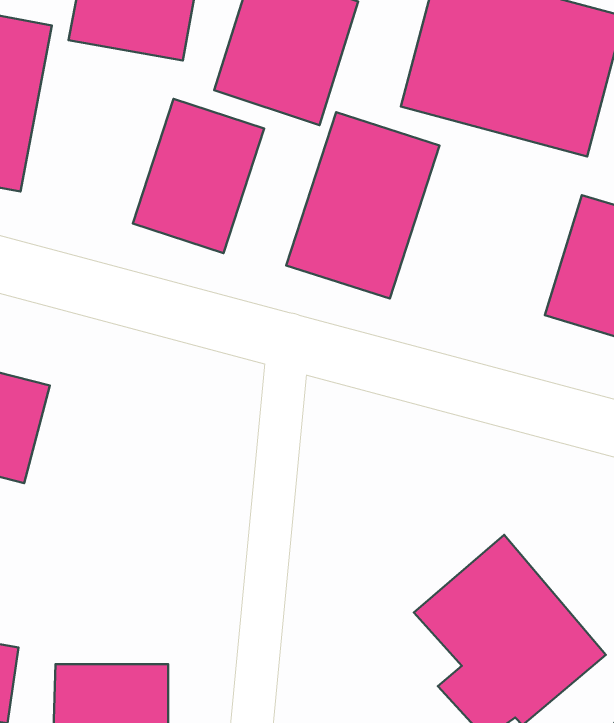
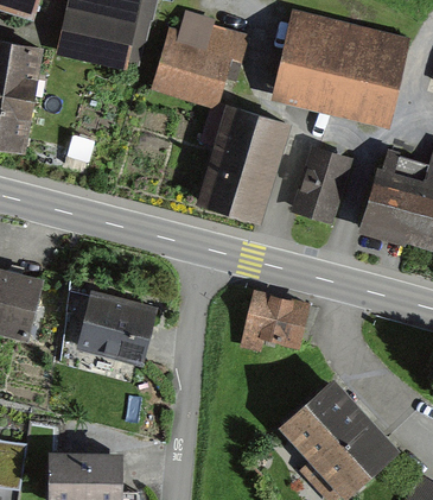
building: [133,99,264,253] -> none
building: none -> [288,145,349,223]
building: none -> [238,287,314,352]
building: none -> [76,293,154,366]

